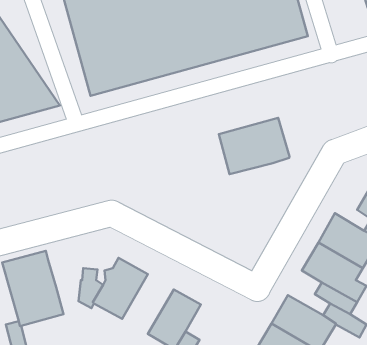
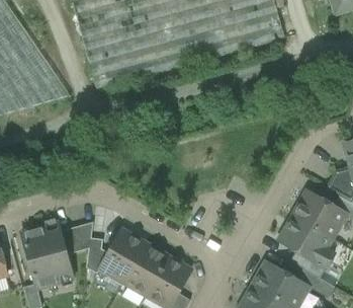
building: [219,118,289,174] -> none
building: none -> [60,221,93,253]
building: none -> [123,242,168,294]

